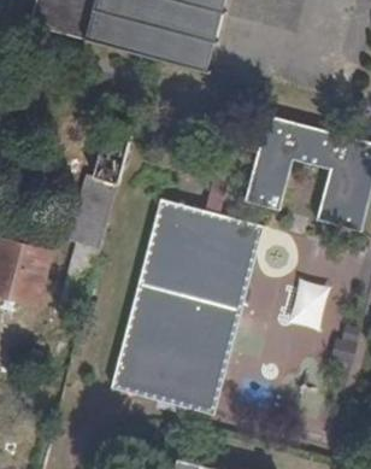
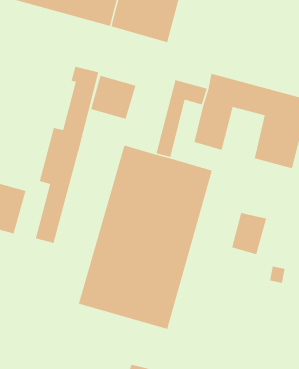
building: none -> [90,75,137,120]

